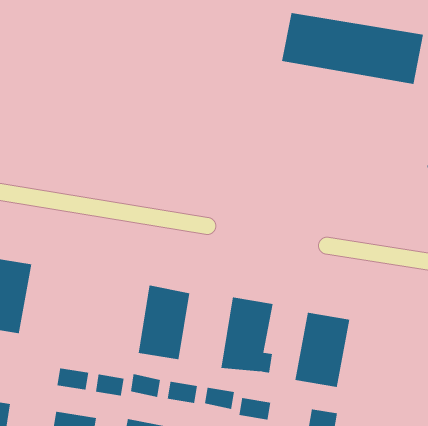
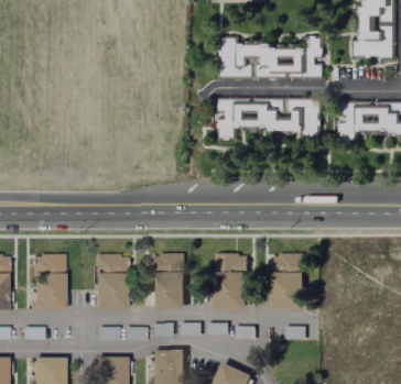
building: none -> [220,101,321,138]
building: none -> [96,255,130,307]

